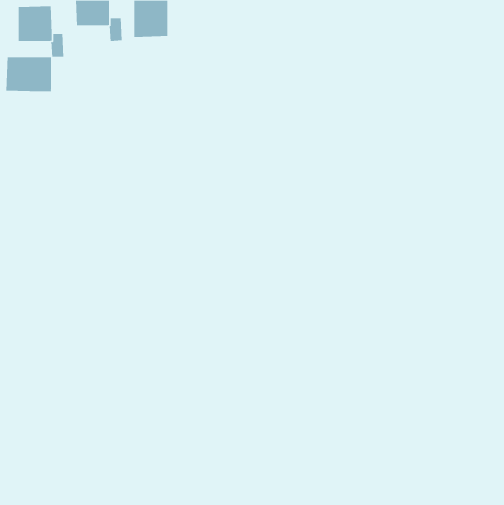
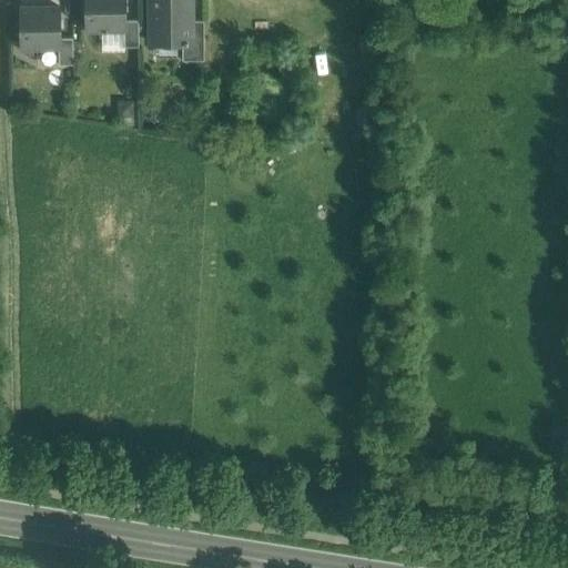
building: none -> [181,20,203,60]
building: [6,57,51,92] -> none

